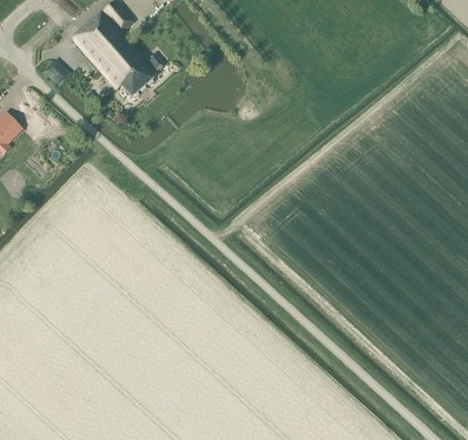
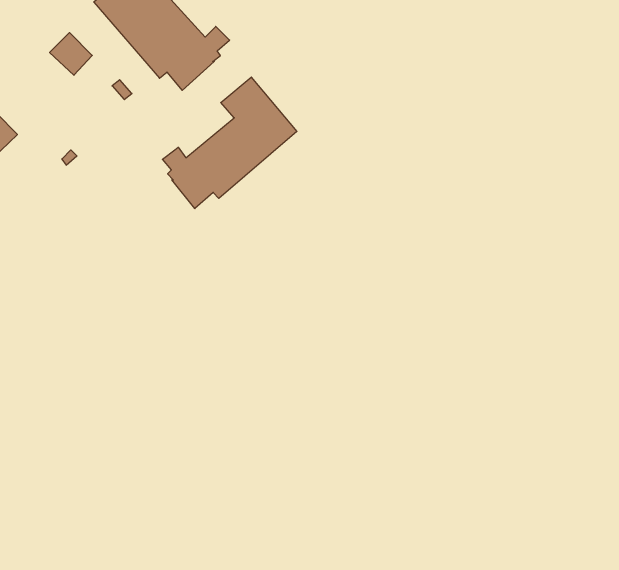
building: none -> [162,77,297,209]

